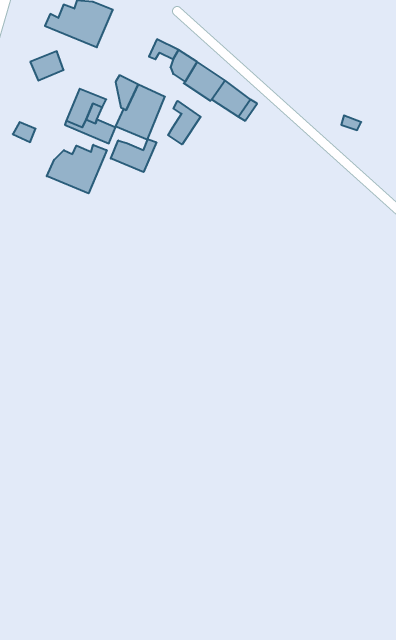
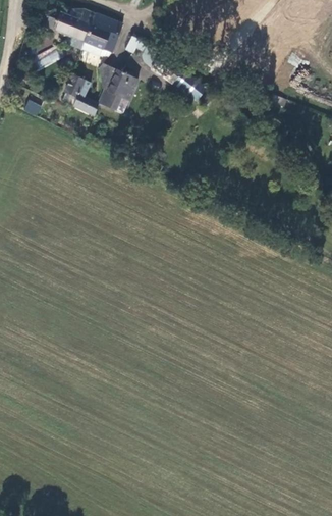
building: none -> [82,13,122,53]
building: [168,101,201,144] -> none
building: [111,139,156,172] -> none
building: [47,145,107,193] -> none

